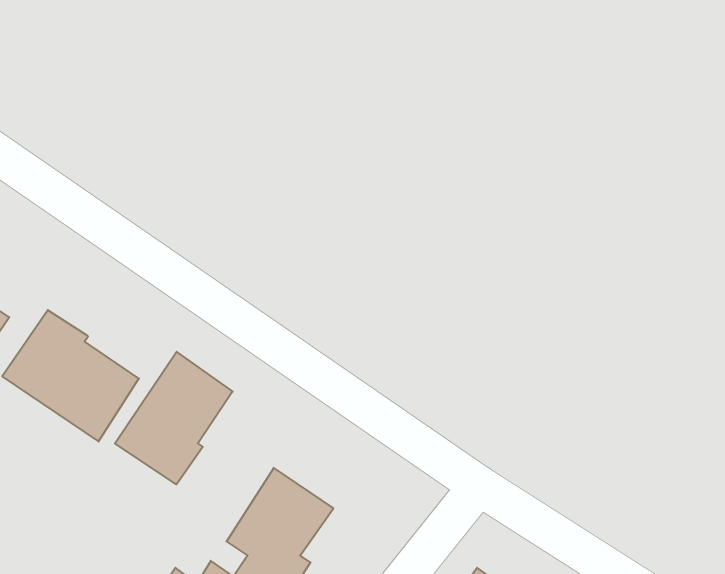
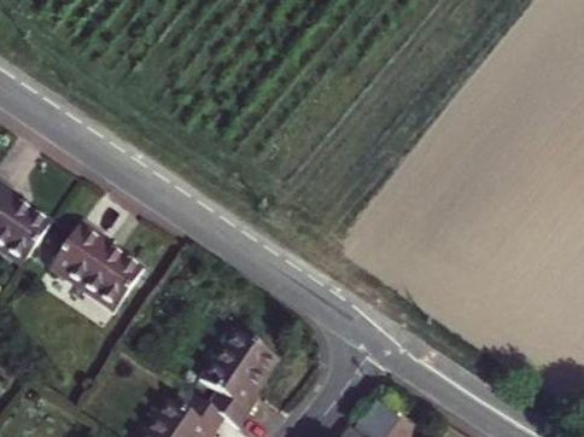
building: [115,352,233,484] -> none

